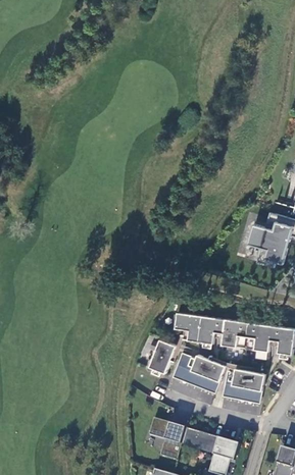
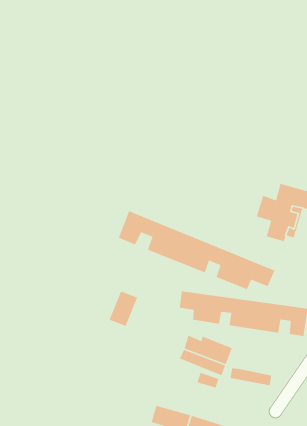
building: none -> [118,210,275,290]
building: [148,339,176,373] -> [109,290,138,327]
building: [224,368,264,390] -> none

